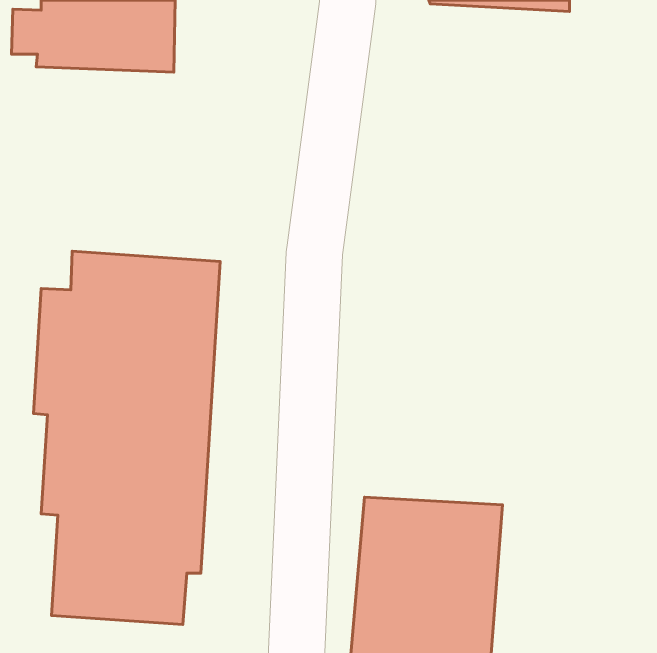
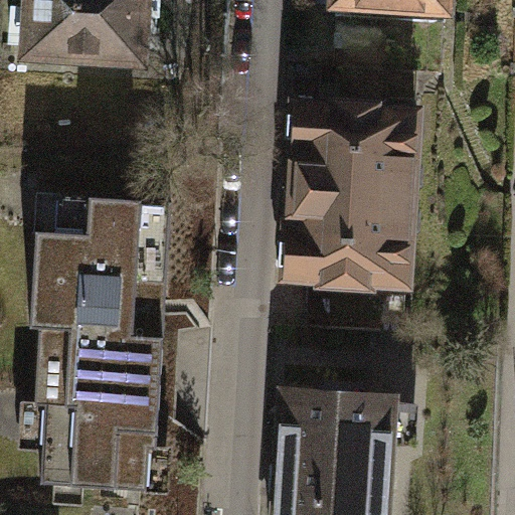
building: none -> [288,102,414,290]

